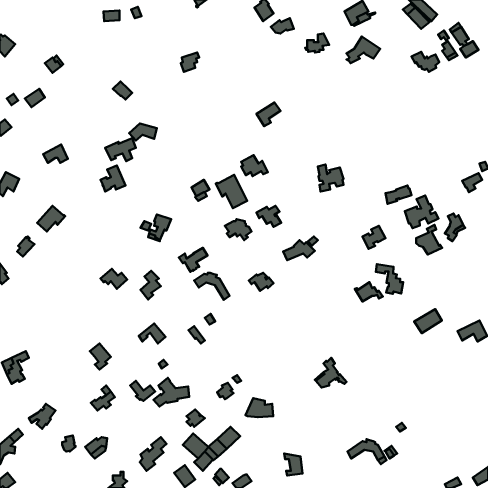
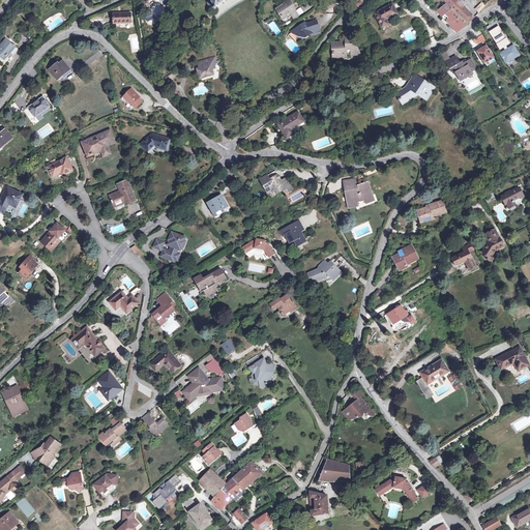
building: [347,36,380,63] -> [396,73,433,102]
building: [105,138,136,161] -> [81,131,114,156]
building: [216,175,247,208] -> none
building: [405,196,439,228] -> none
building: [376,264,403,294] -> none
building: [194,273,230,300] -> none
building: none -> [70,326,104,356]
building: [414,309,442,333] -> [418,358,448,384]
building: none -> [244,354,273,387]
building: [154,378,189,406] -> [183,367,222,399]
building: [246,398,273,417] -> [319,460,349,480]

